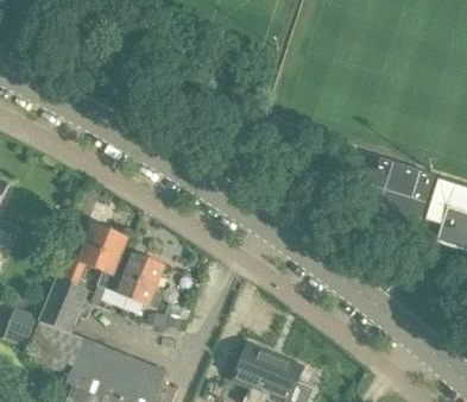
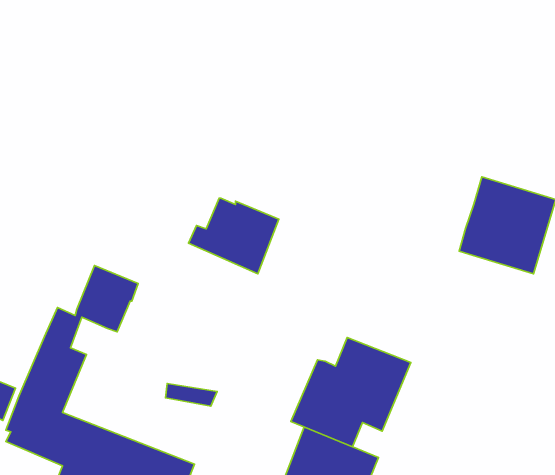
building: [97,249,164,304] -> [189,198,279,274]
building: none -> [291,337,411,447]

